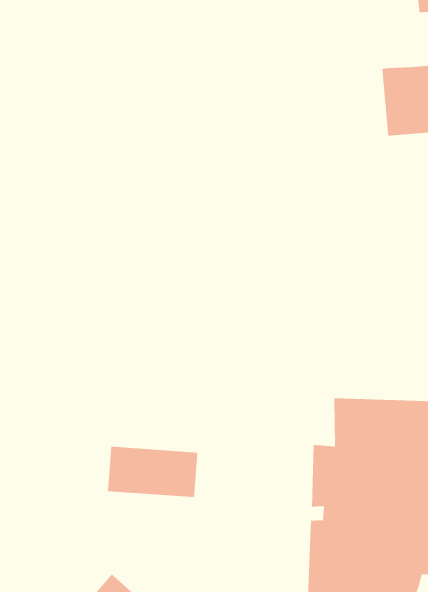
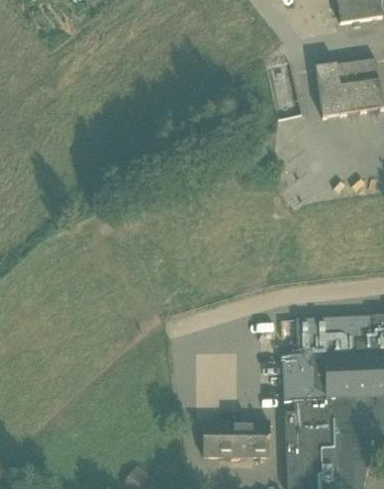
building: [107,446,198,498] -> [203,422,270,457]

